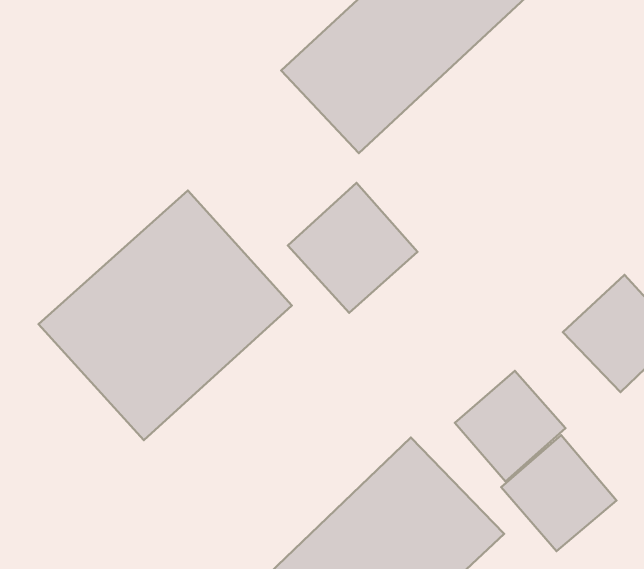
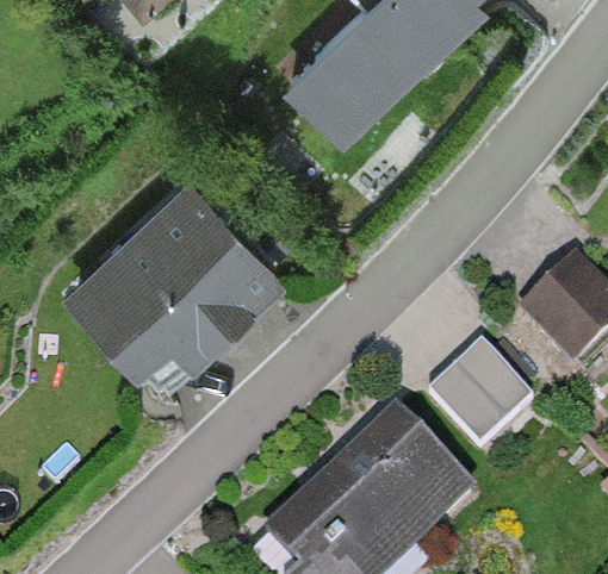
building: [288,183,418,313] -> none
building: [501,435,616,551] -> none

